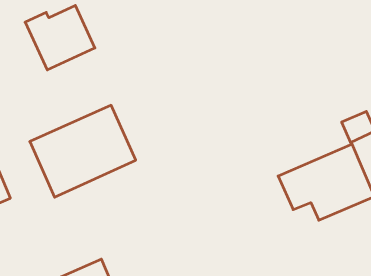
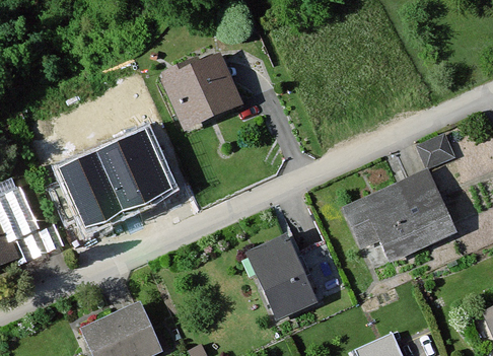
building: [25,5,95,70] -> [160,57,240,131]
building: none -> [247,234,314,315]

